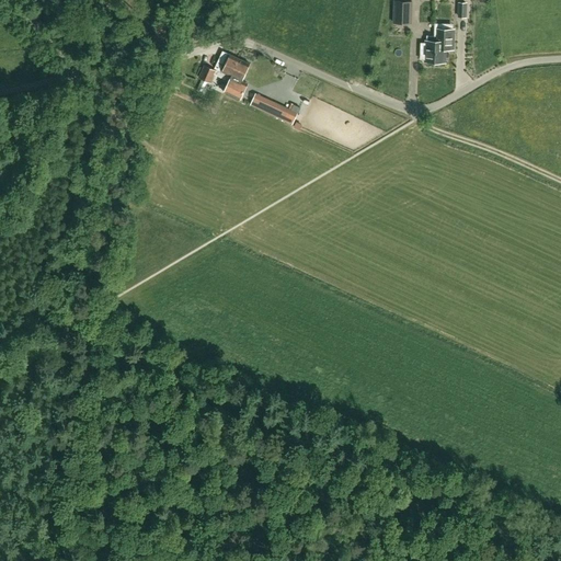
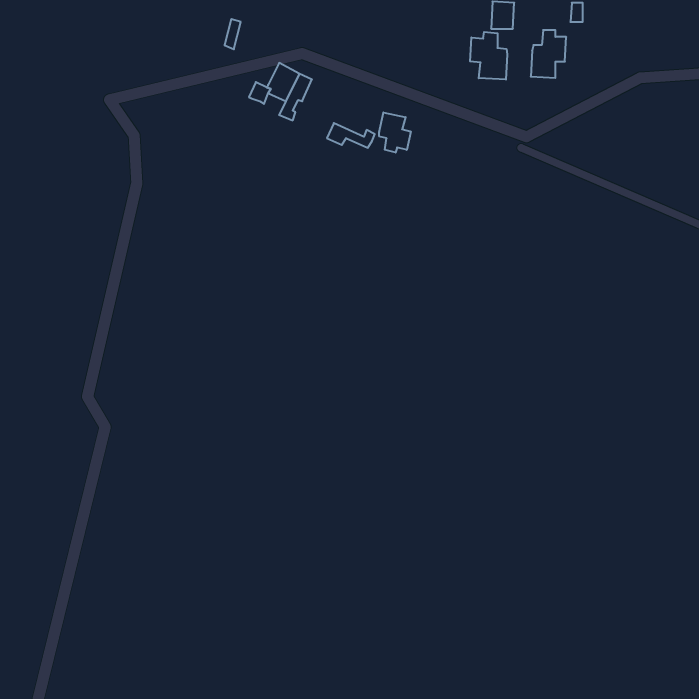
building: none -> [470,32,507,80]
building: none -> [379,112,411,153]

